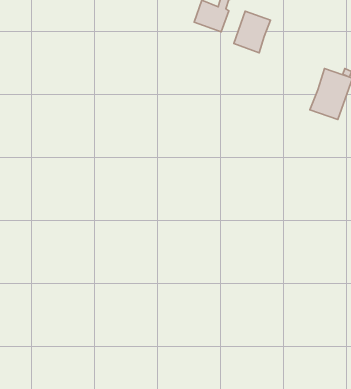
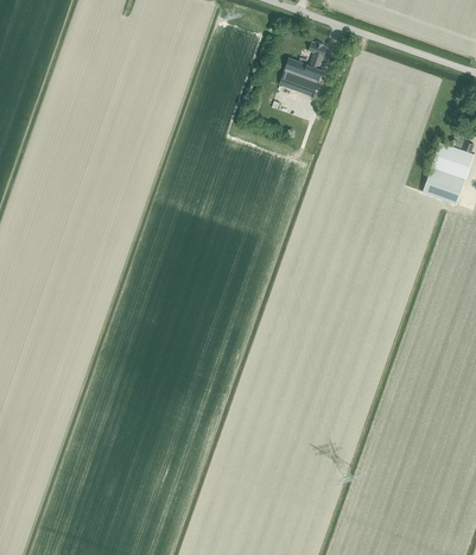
building: [234,11,271,53] -> none

